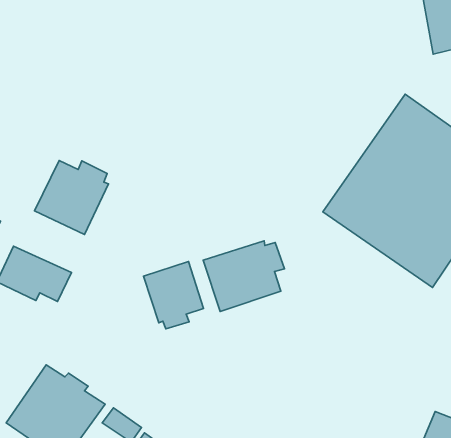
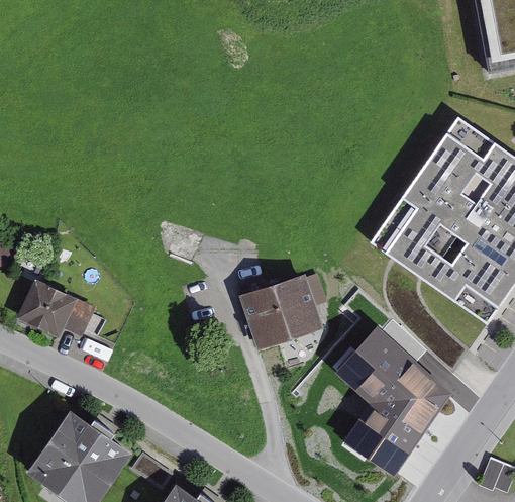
building: [34,160,108,235] -> none
building: [143,261,203,329] -> none
building: none -> [335,330,452,479]

